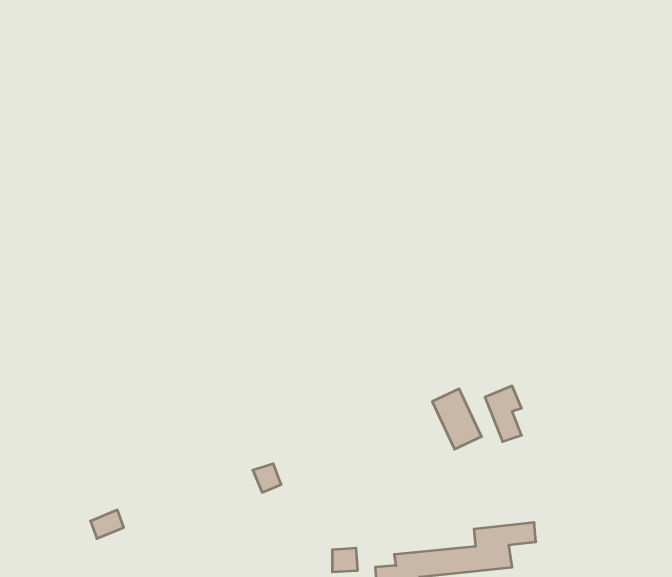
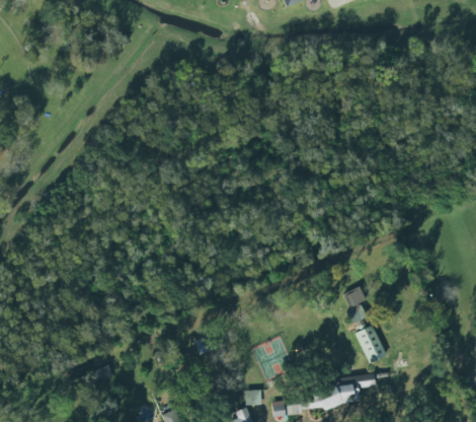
building: [432,389,482,449] -> [355,326,387,364]

